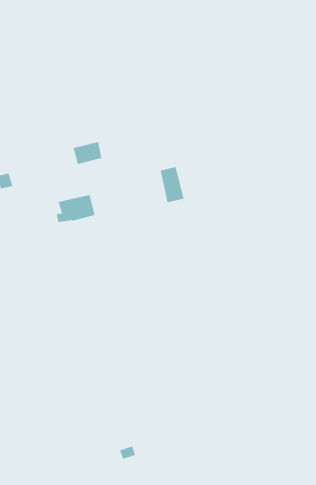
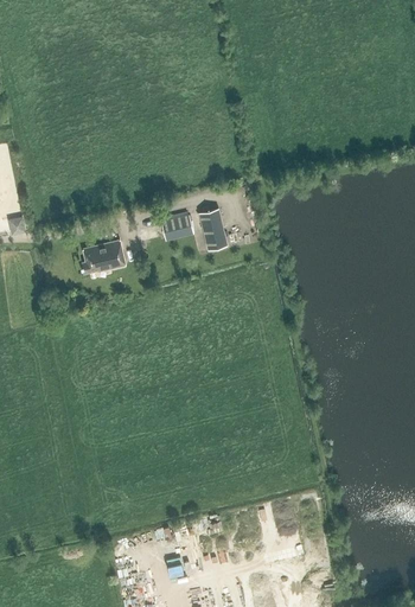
building: [73,142,102,164] -> [159,215,192,241]

